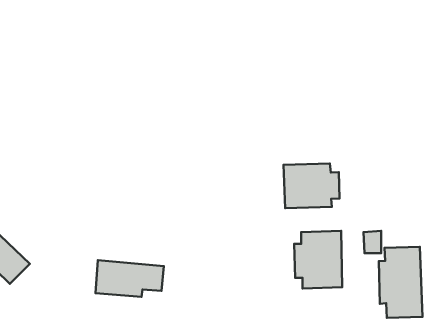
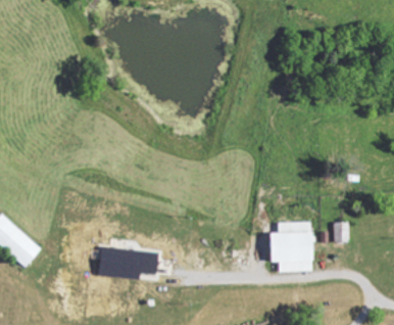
building: [283,164,339,208] -> none
building: [379,247,422,318] -> none

